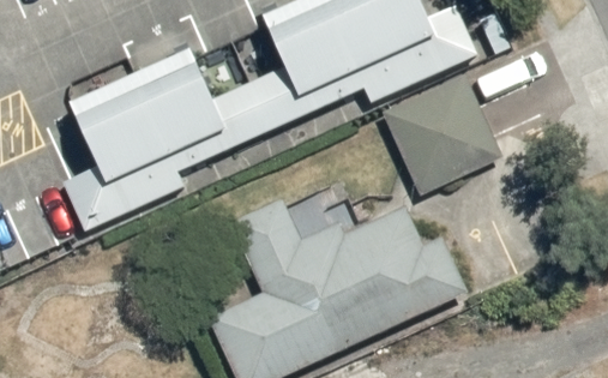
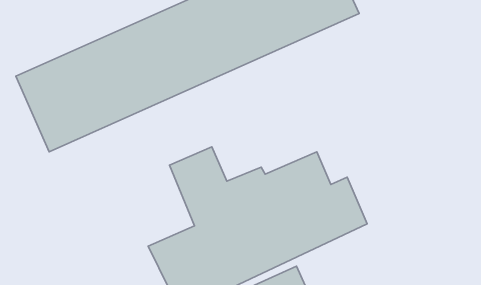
building: [384,73,506,194] -> none

